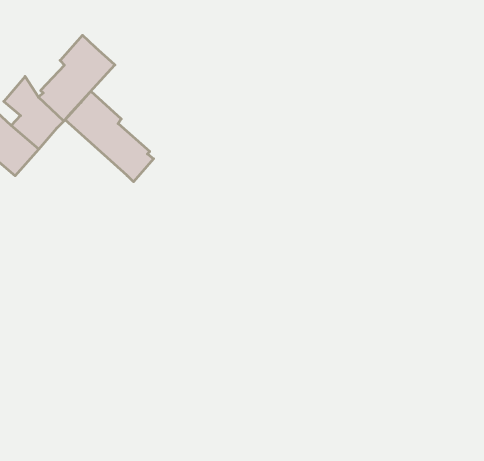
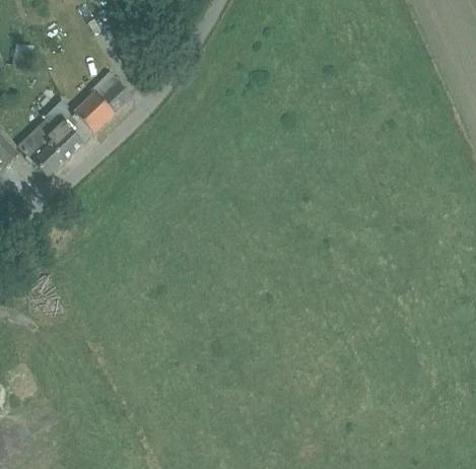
building: [65,91,154,182] -> none

